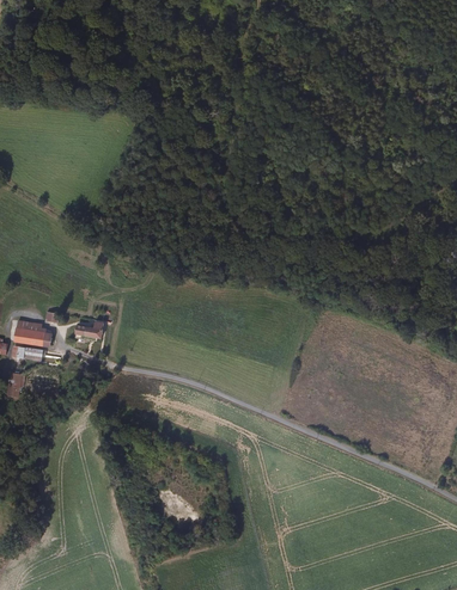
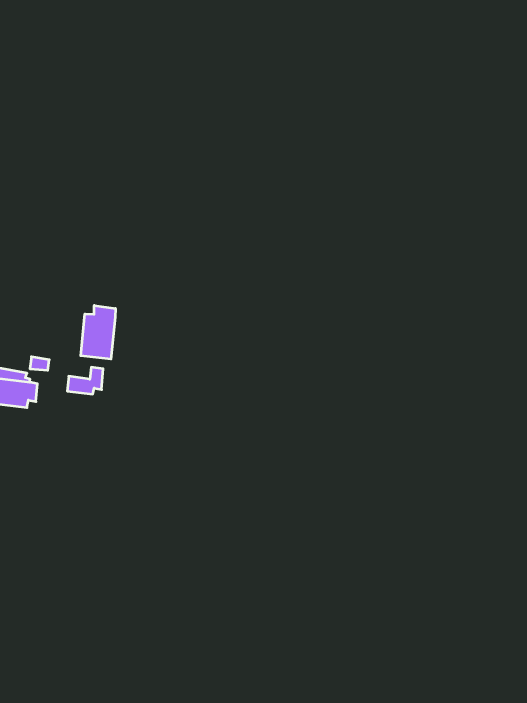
building: none -> [81,305,115,359]

